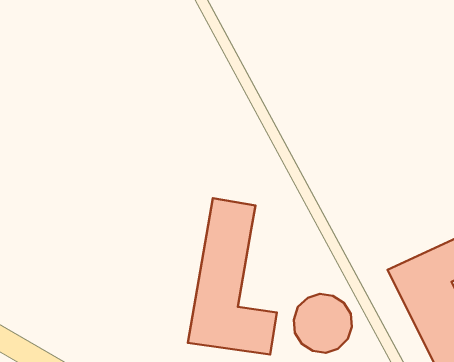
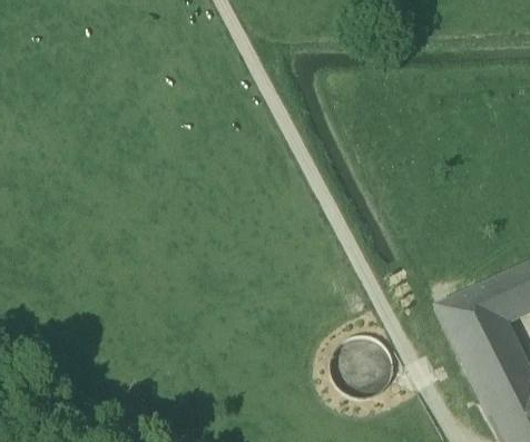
building: [188,198,277,355] -> none

